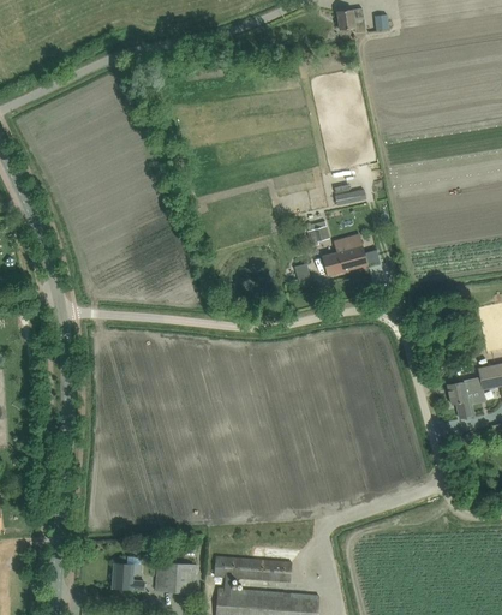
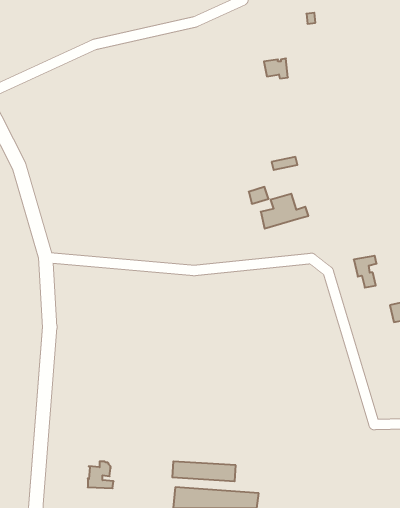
building: [335,8,364,32] -> [264,58,288,78]
building: [446,380,473,418] -> [354,256,377,288]
building: [154,562,195,593] -> none

